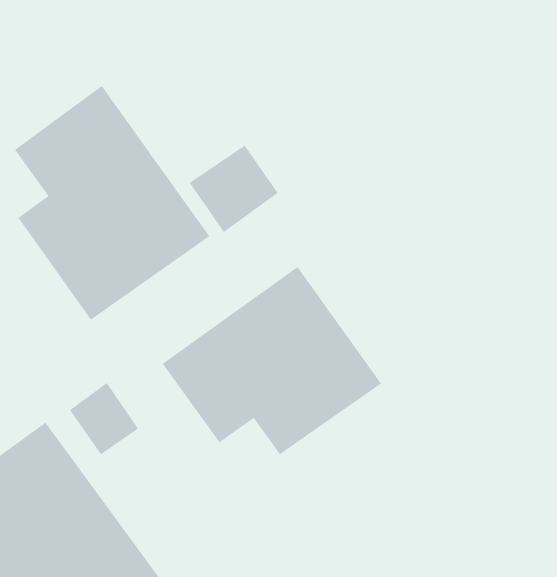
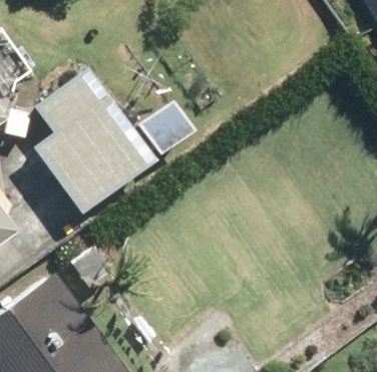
building: [162,266,382,455] -> none

